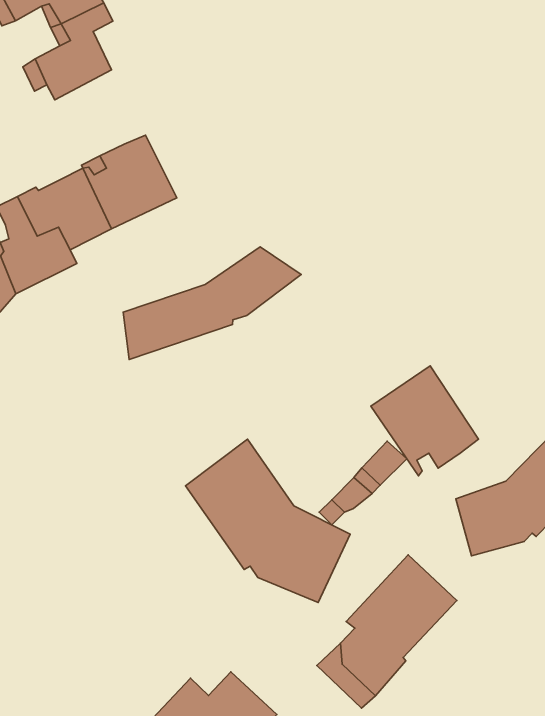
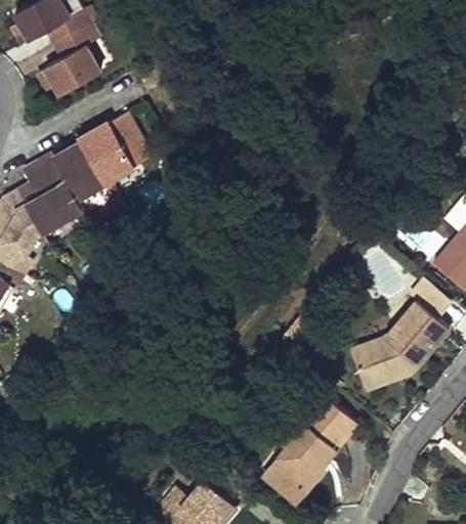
building: [123,247,301,359] -> none
building: [371,366,478,476] -> none
building: [185,439,350,602] -> none

